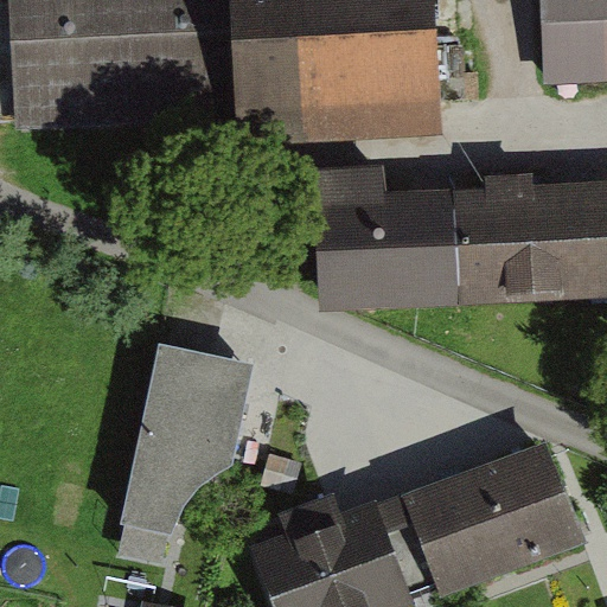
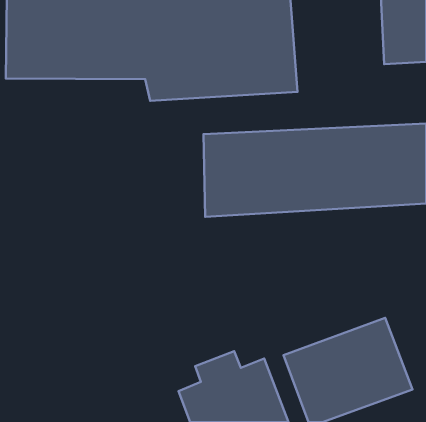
building: [115,339,261,573] -> none

